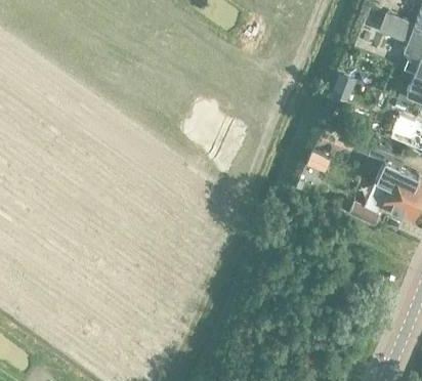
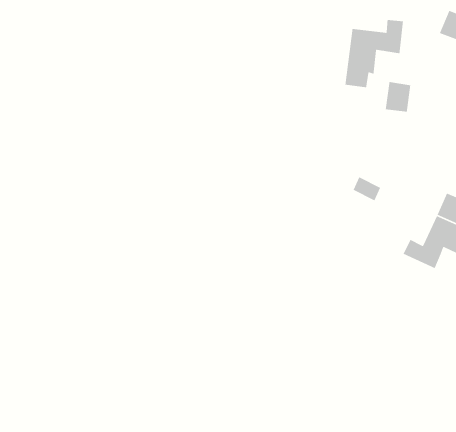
building: none -> [345,19,404,88]

